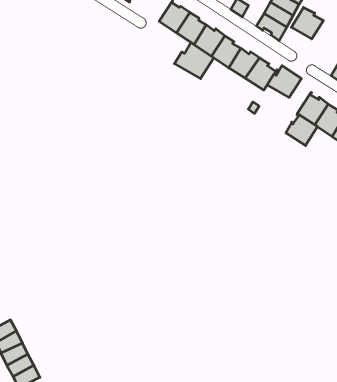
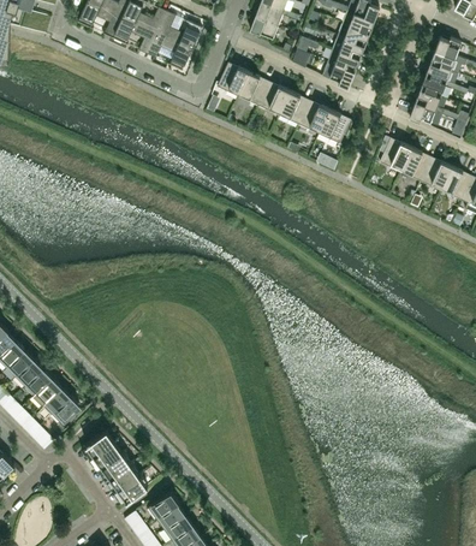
building: [291,7,323,39] -> none
building: [174,42,214,79] -> none
building: [267,66,301,97] -> none
building: [286,114,317,146] -> none

